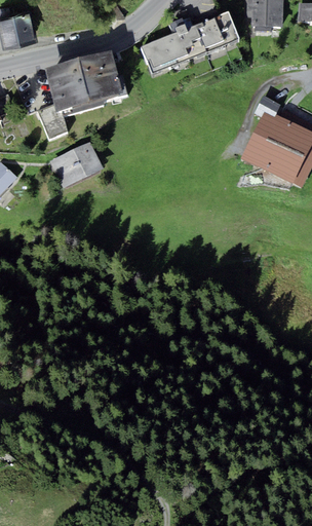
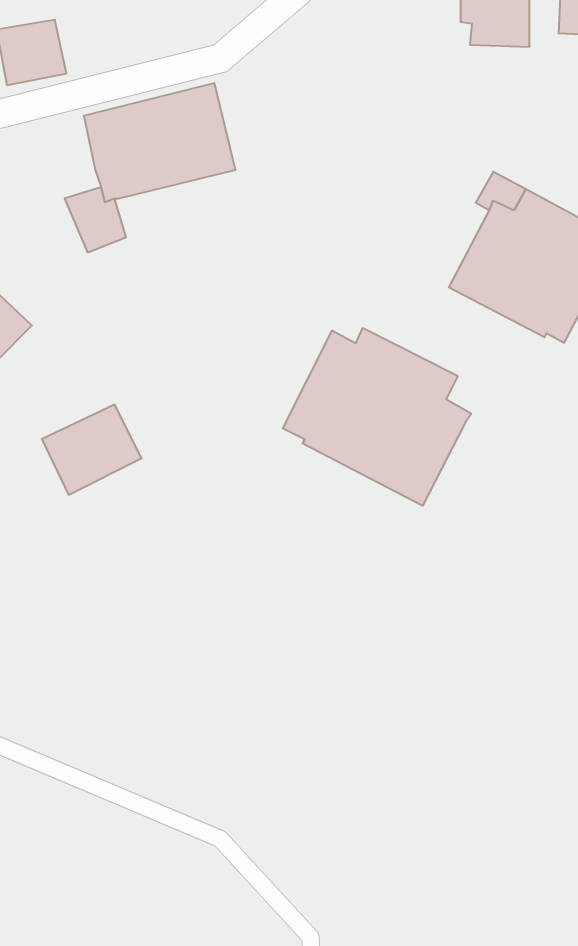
building: [142,9,240,74] -> none
building: [50,141,104,189] -> [42,404,142,495]
building: none -> [283,328,471,506]

